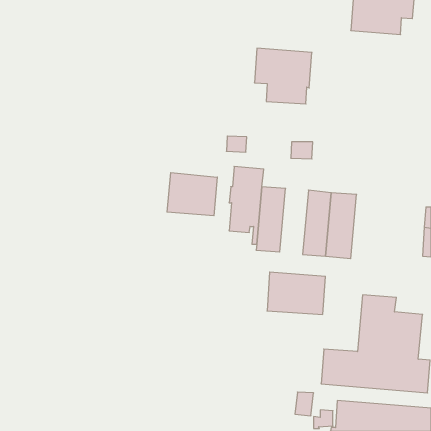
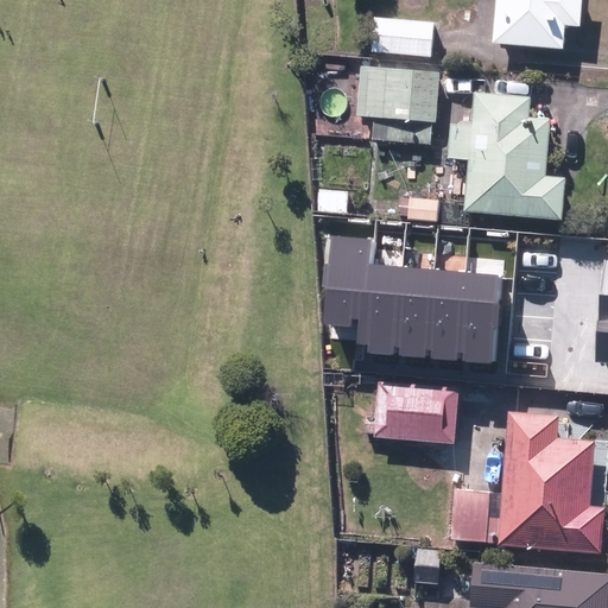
building: none -> [369,19,435,57]
building: none -> [446,95,565,220]
building: [167,173,217,216] -> none
building: none -> [393,265,433,357]

